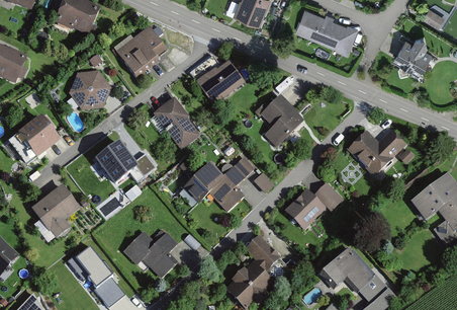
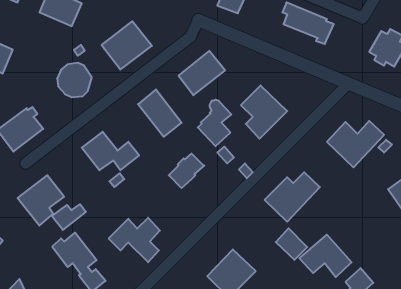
building: [209,162,244,210] -> [198,100,231,146]
building: none -> [52,204,86,230]
building: [247,236,279,268] -> [276,228,307,260]

